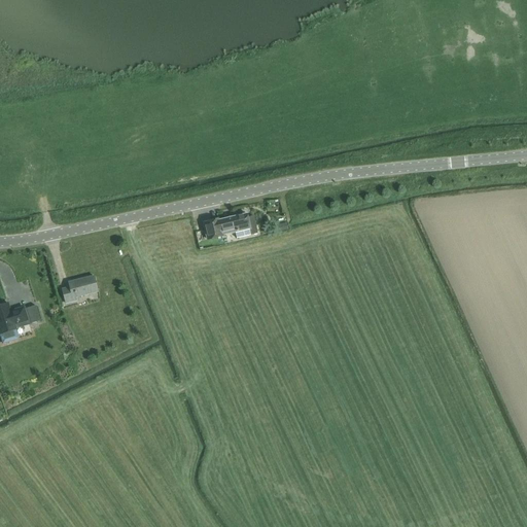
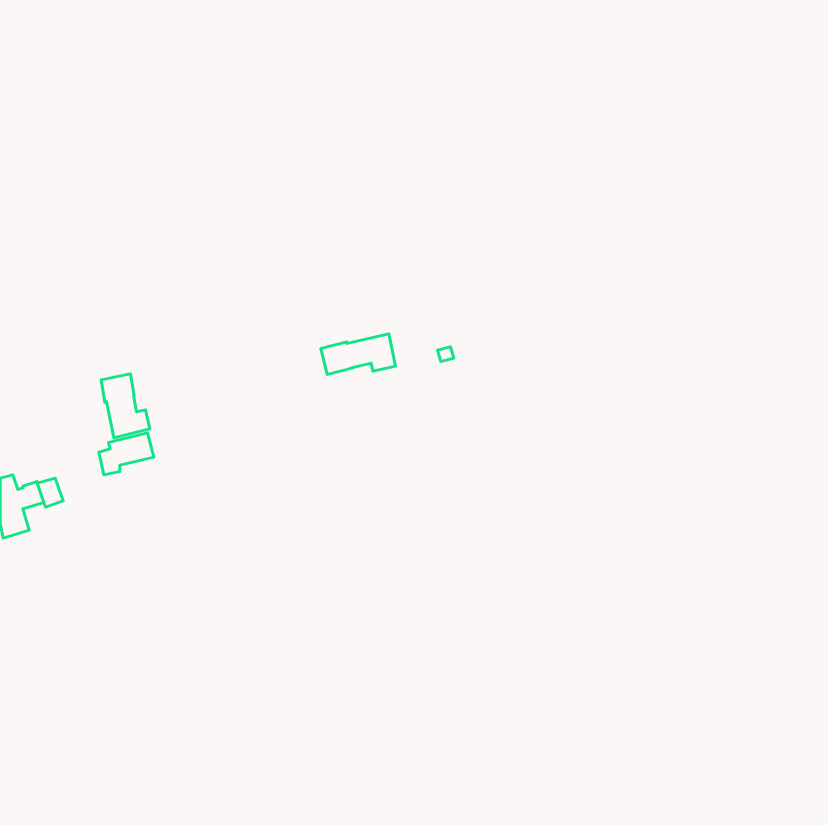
building: none -> [101,374,150,438]

